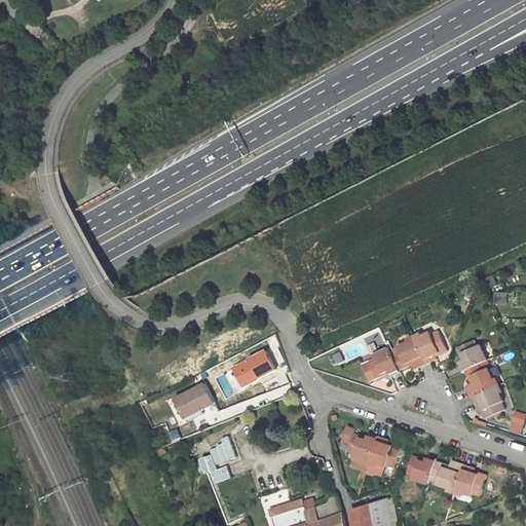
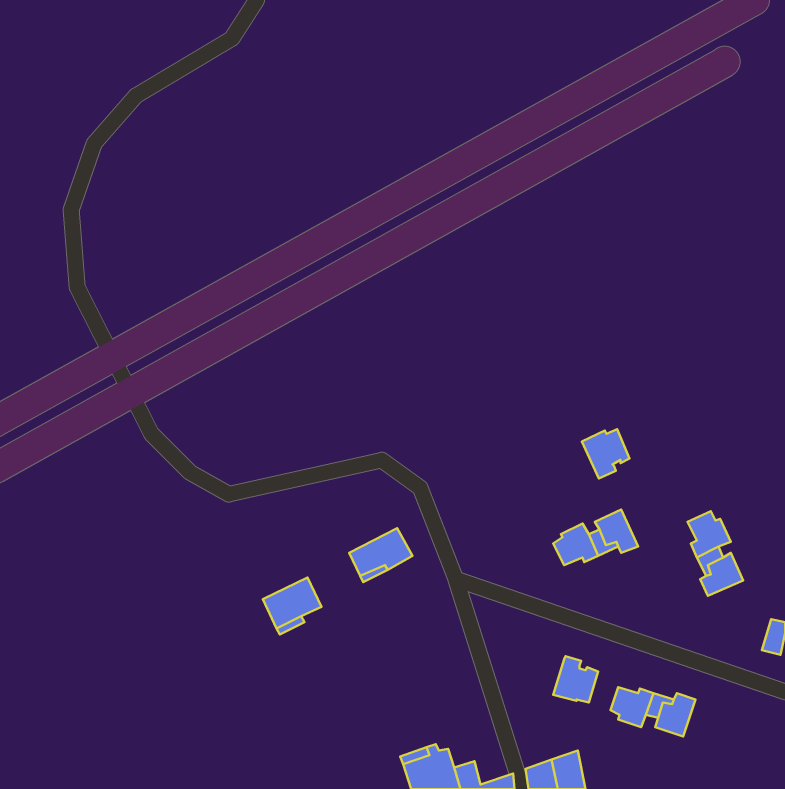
building: [413,331,445,364] -> [582,429,630,478]
building: [471,386,502,418] -> none
building: [340,427,375,462] -> none
building: [201,440,236,486] -> none
building: [454,465,484,495] -> none

